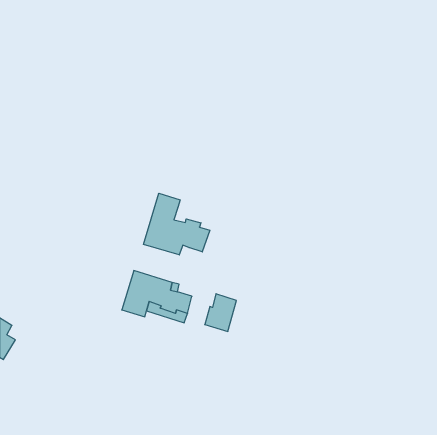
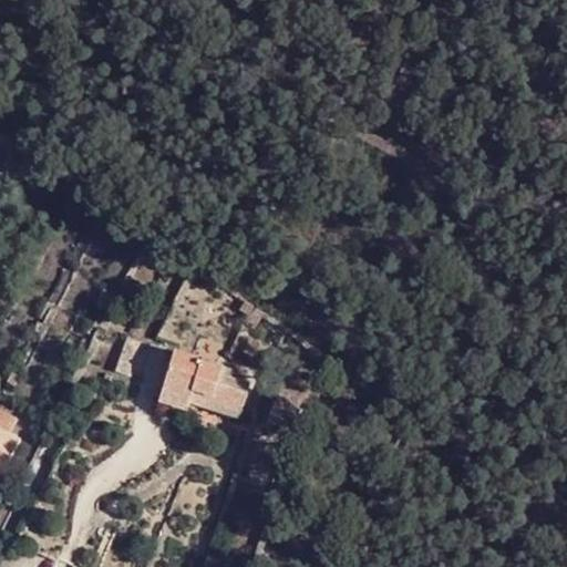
building: [143,193,210,255] -> none

